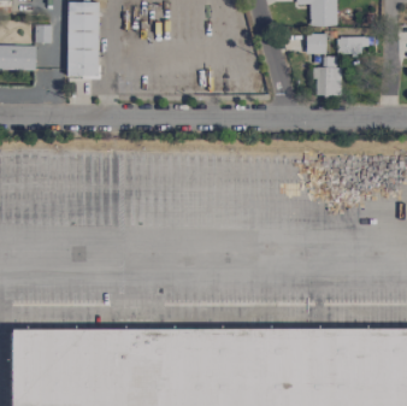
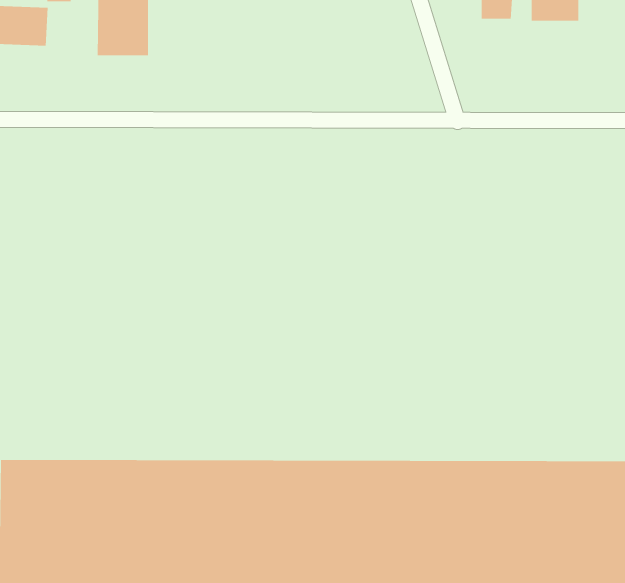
building: [315,55,342,95] -> none

